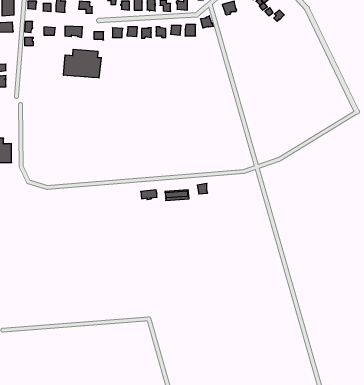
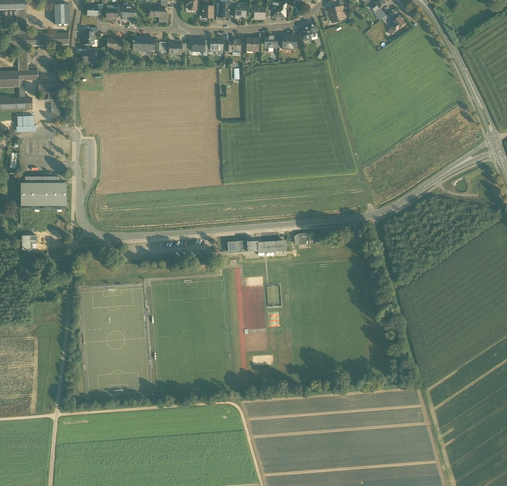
building: [64,49,101,78] -> none

